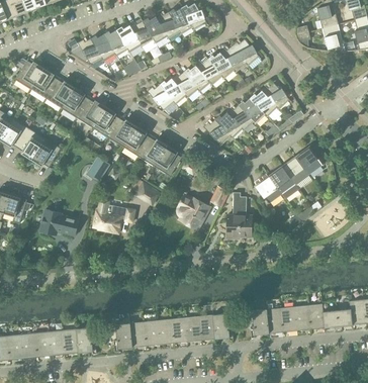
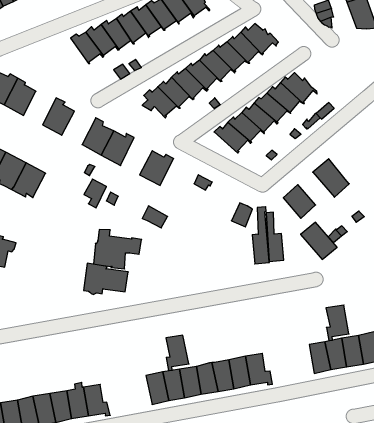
building: [70,38,104,65] -> none
building: [47,80,75,108] -> none
building: [77,99,106,127] -> none
building: [123,125,151,157] -> none
building: [155,146,182,177] -> none
building: [296,147,323,175] -> none
building: [269,167,298,198] -> [301,222,337,259]
building: [178,195,210,229] -> none
building: [40,209,79,235] -> [84,263,128,294]
building: [251,309,269,338] -> [326,305,349,341]
building: [114,323,132,352] -> [166,335,189,371]

